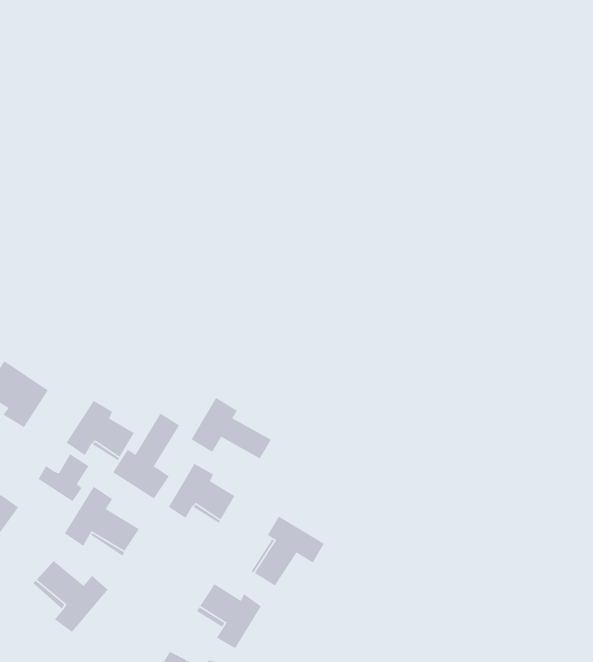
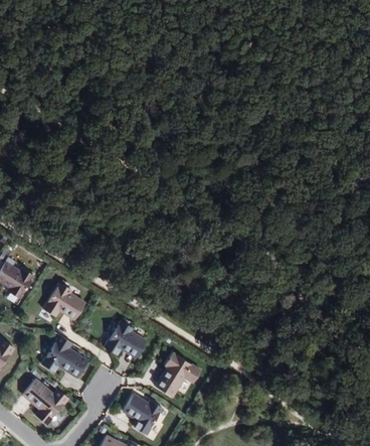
building: [190,397,272,459] -> none
building: [112,413,180,500] -> none
building: [37,453,90,502] -> none

